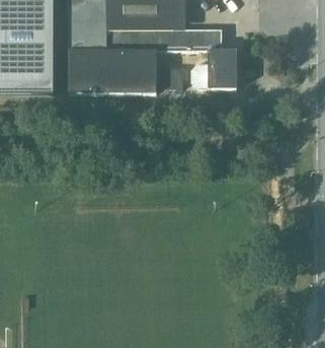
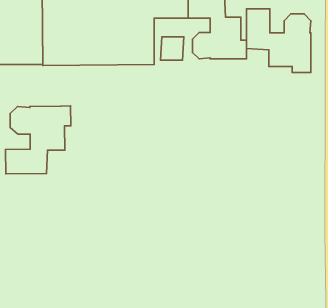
building: none -> [246,9,311,73]
building: none -> [5,106,71,174]

